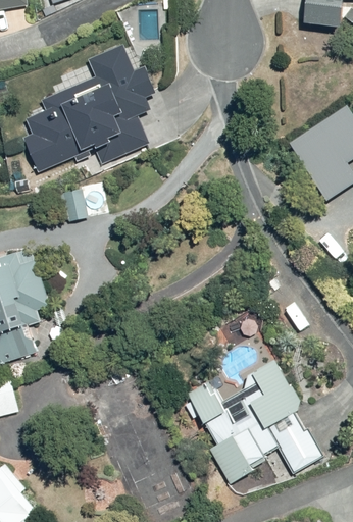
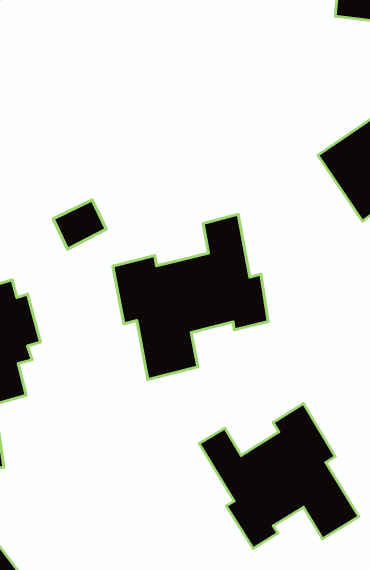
building: [23,45,152,171] -> none
building: none -> [113,214,268,380]

